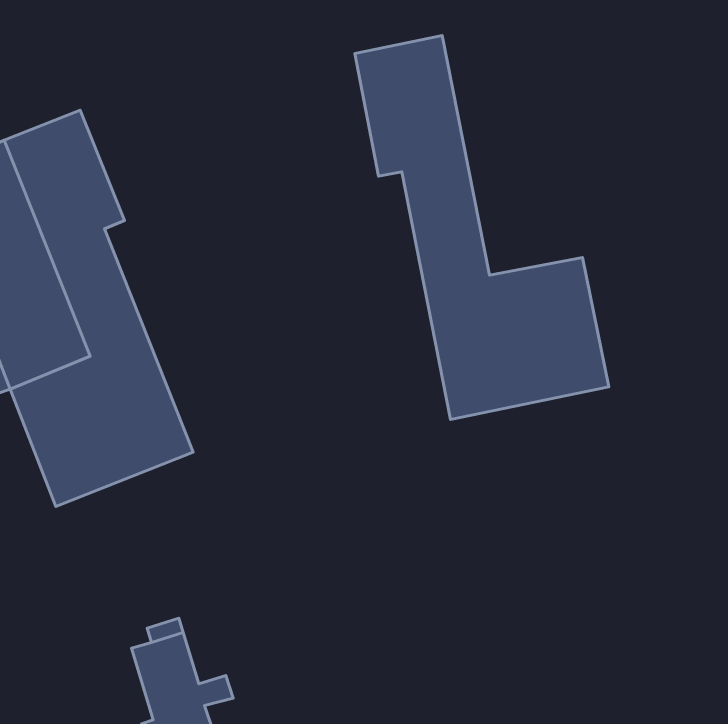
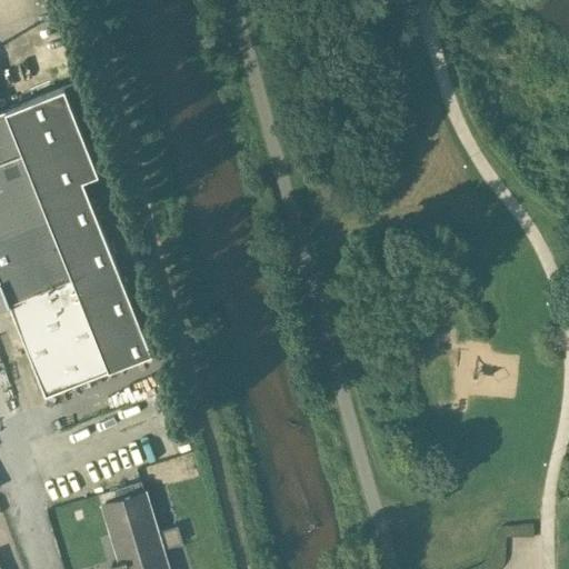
building: [355,36,609,420] -> none

